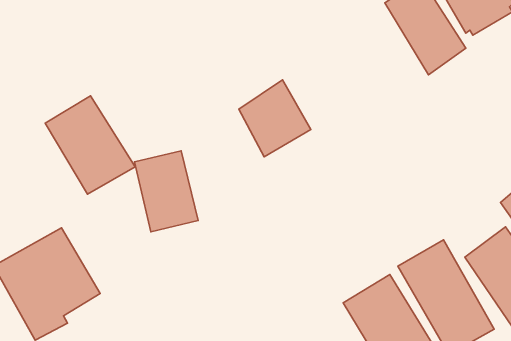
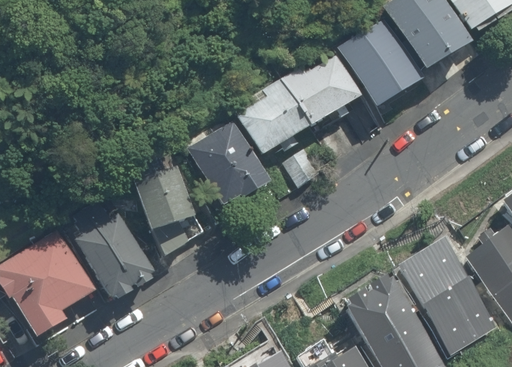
building: none -> [341,16,425,109]
building: none -> [282,50,362,127]
building: [45,96,135,194] -> [72,205,161,302]
building: none -> [193,109,276,209]

